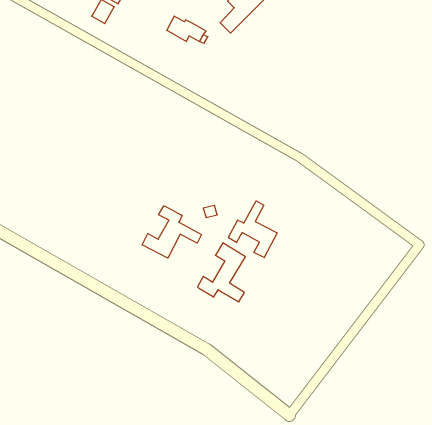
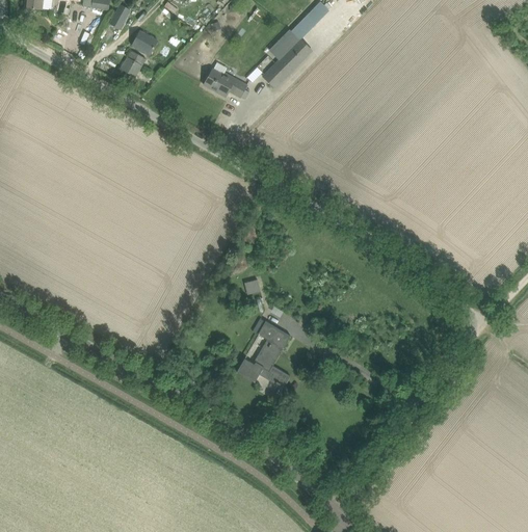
building: [229,201,277,258] -> none
building: [142,206,201,258] -> none

